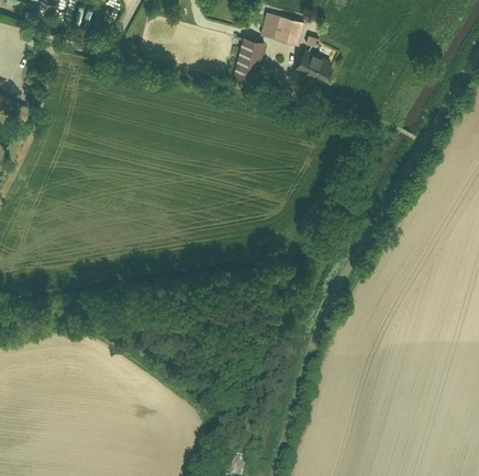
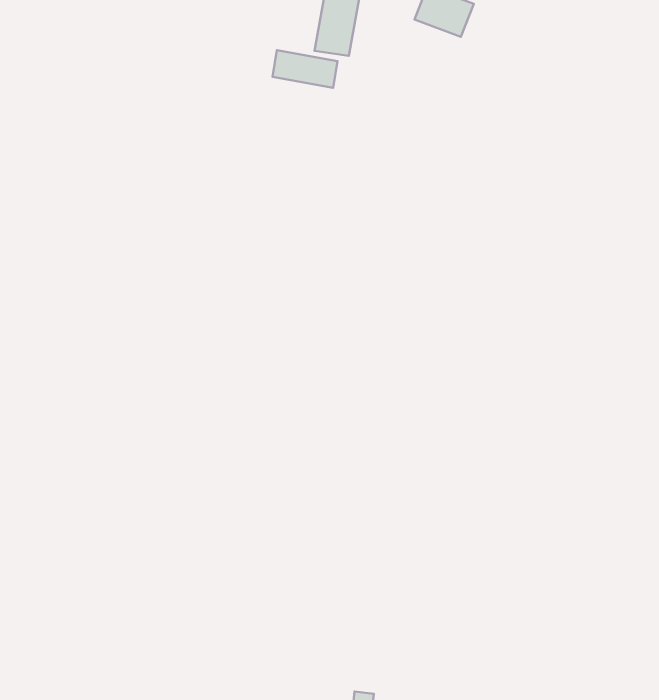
building: none -> [272,50,338,88]

